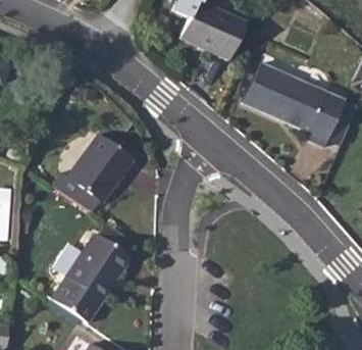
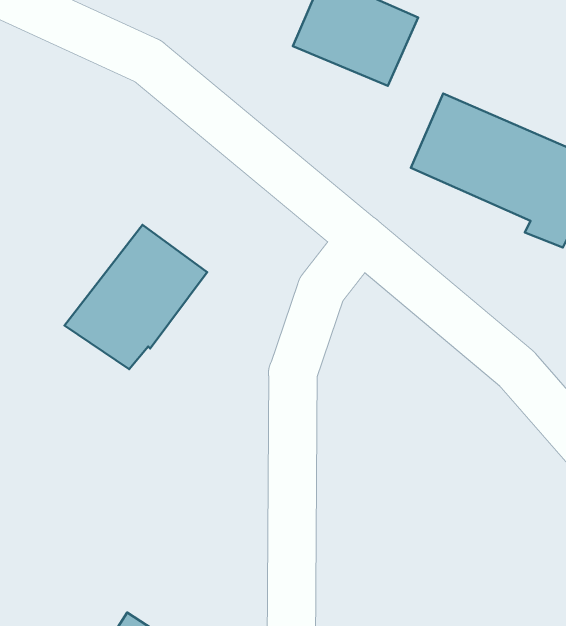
building: [51,232,134,321] -> none

